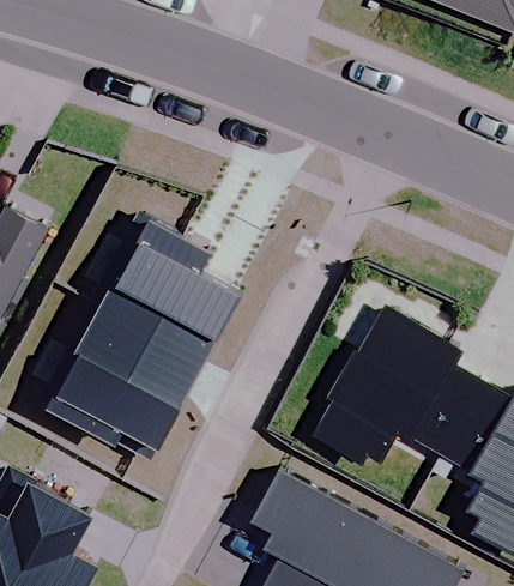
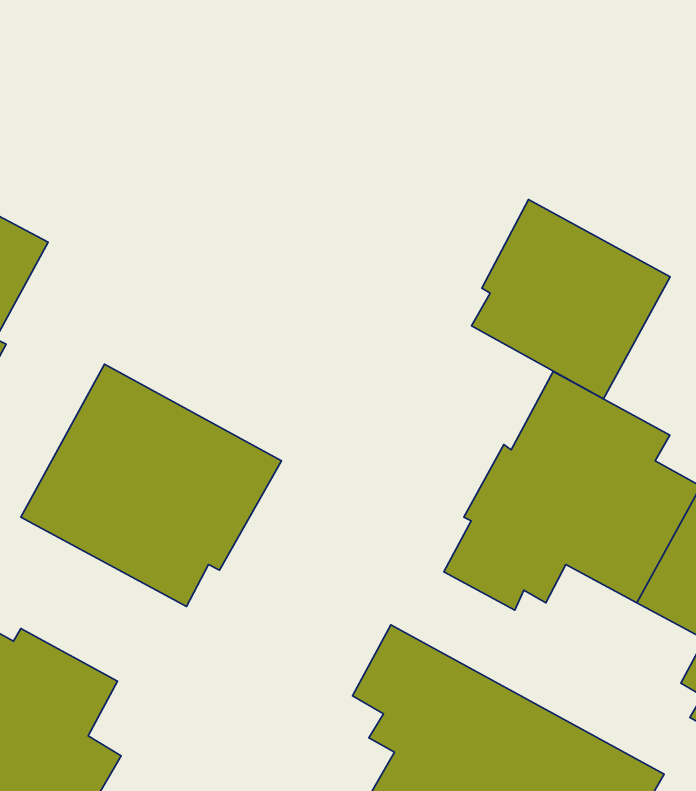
building: none -> [471,199,670,399]
building: [90,209,248,363] -> none

